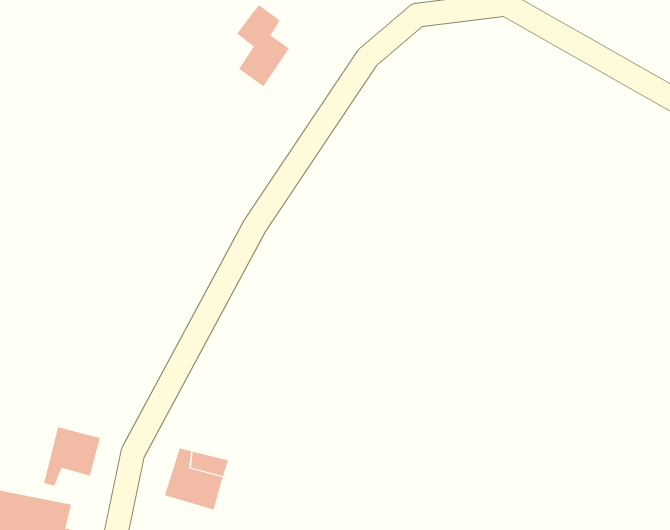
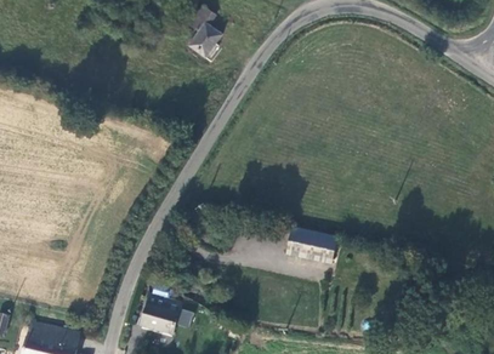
building: none -> [285,229,334,262]
building: [44,427,101,486] -> none

